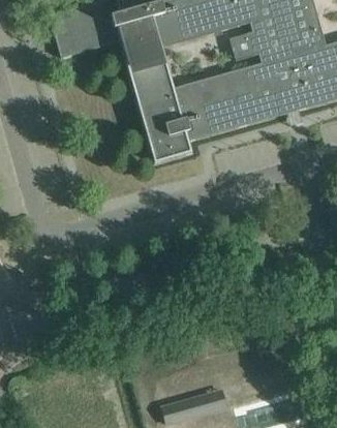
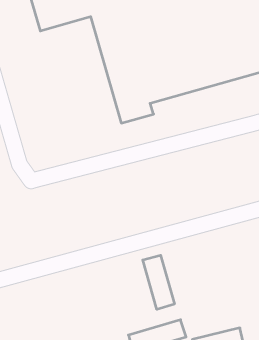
building: none -> [143,255,174,309]

